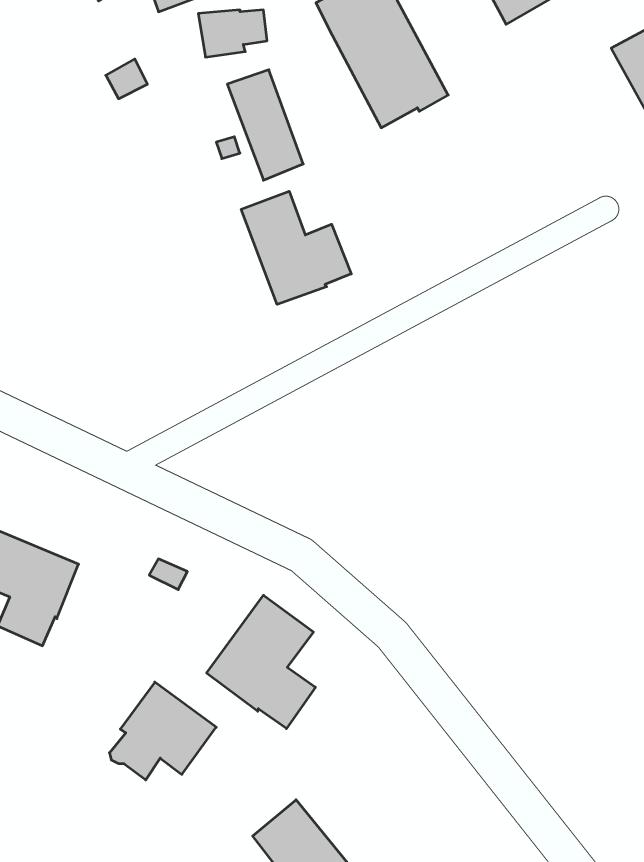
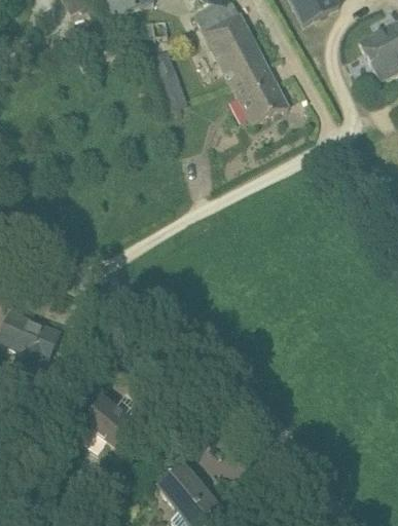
building: none -> [230,65,289,125]
building: [241,191,351,304] -> none
building: [207,595,315,729] -> none

